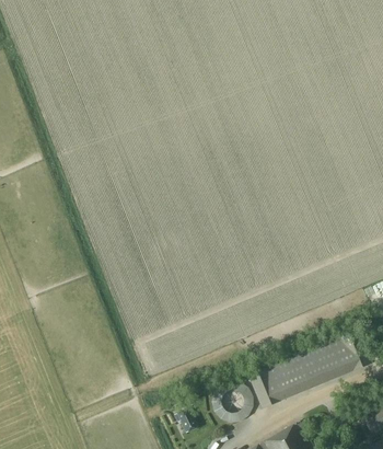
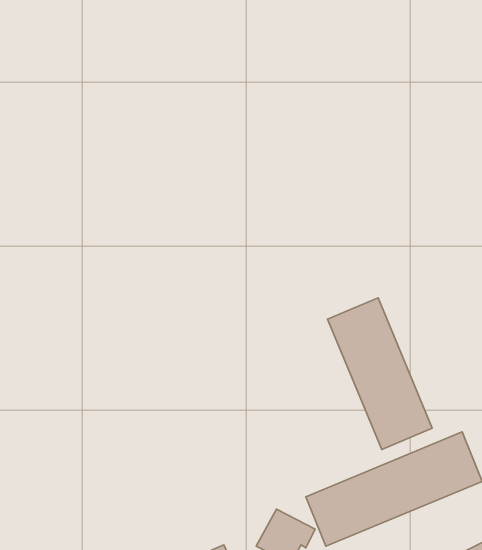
building: none -> [327,298,432,450]

